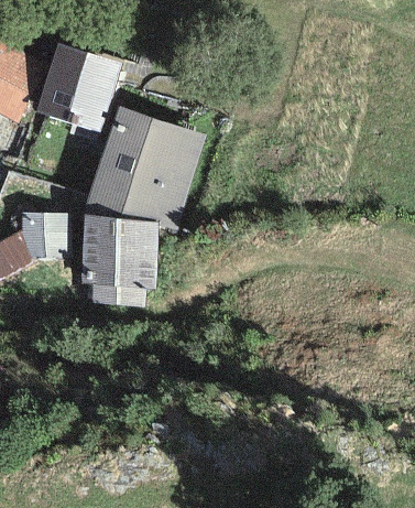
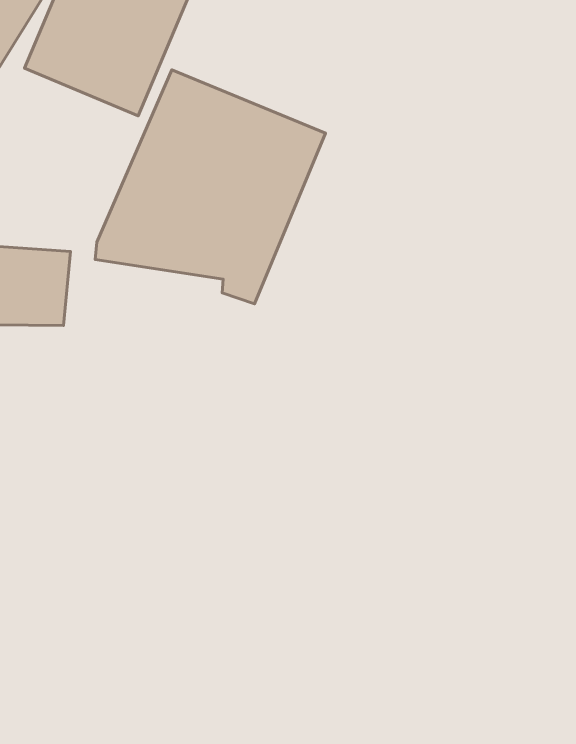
building: [81,216,156,306] -> none

